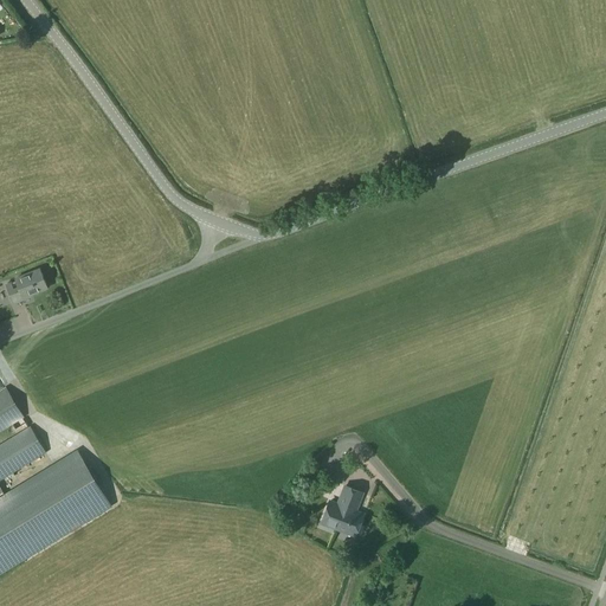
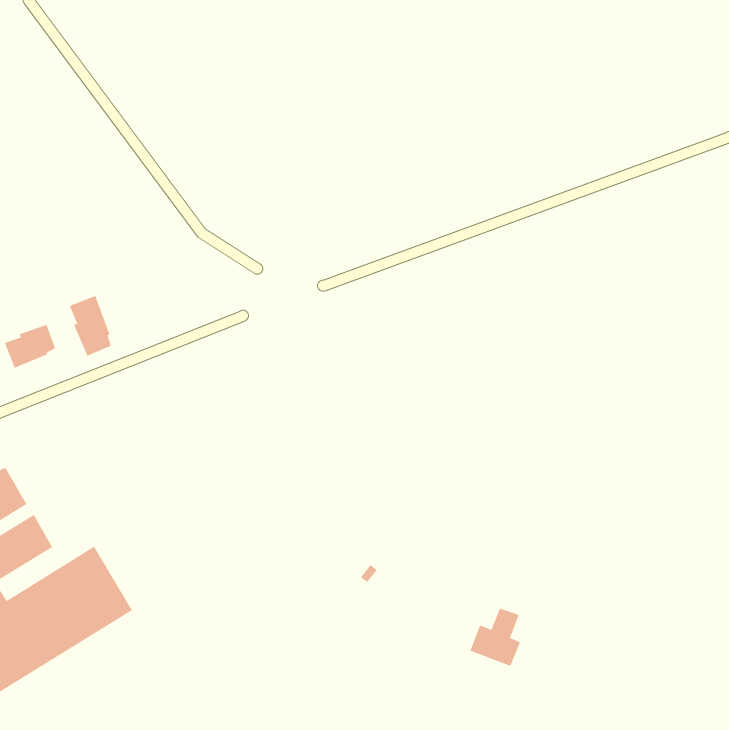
building: none -> [69,295,111,357]
building: [320,486,362,535] -> [469,608,521,666]

